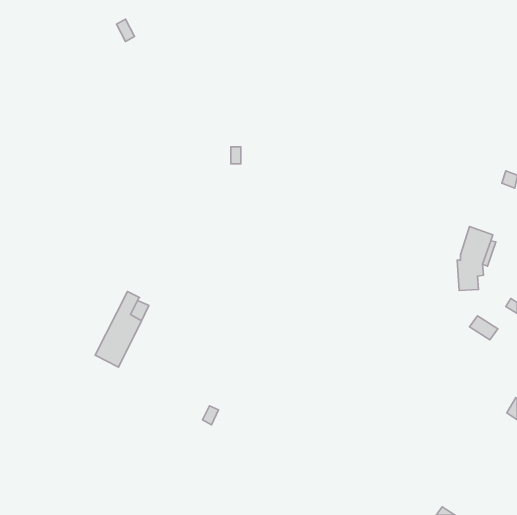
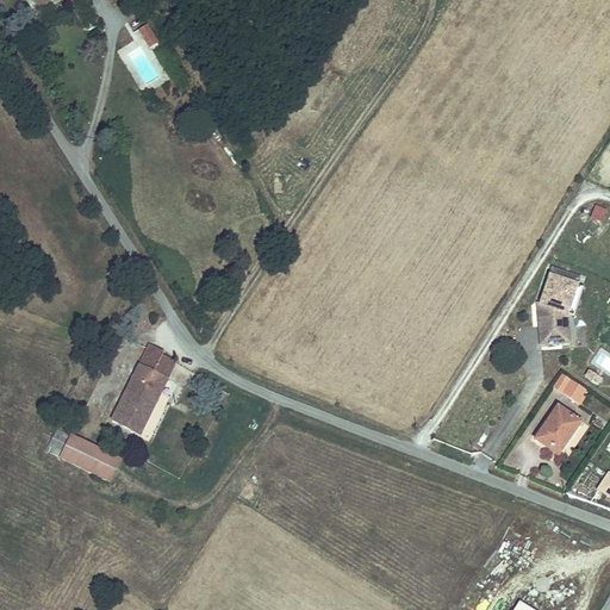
building: none -> [535,402,580,448]
building: none -> [60,434,120,480]

